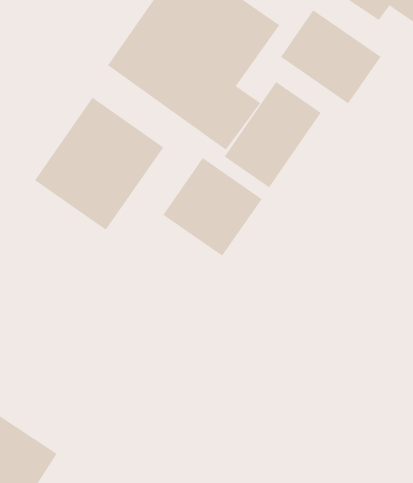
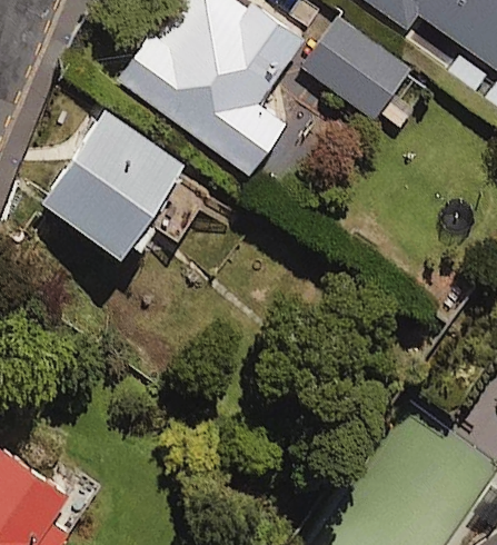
building: [224,81,322,188] -> none
building: [163,157,262,257] -> none

